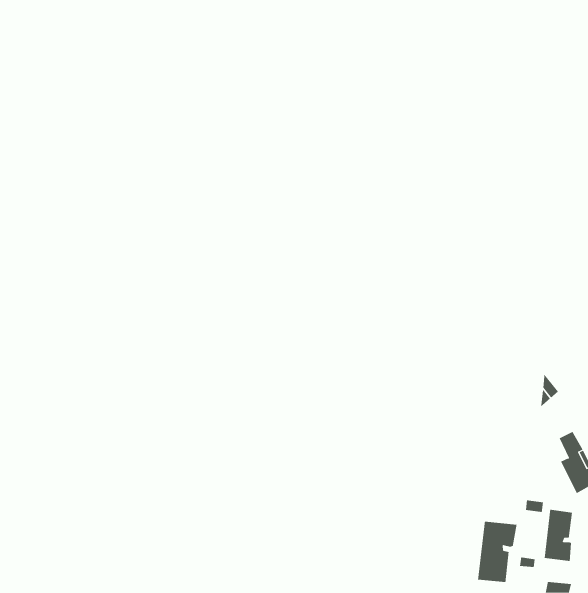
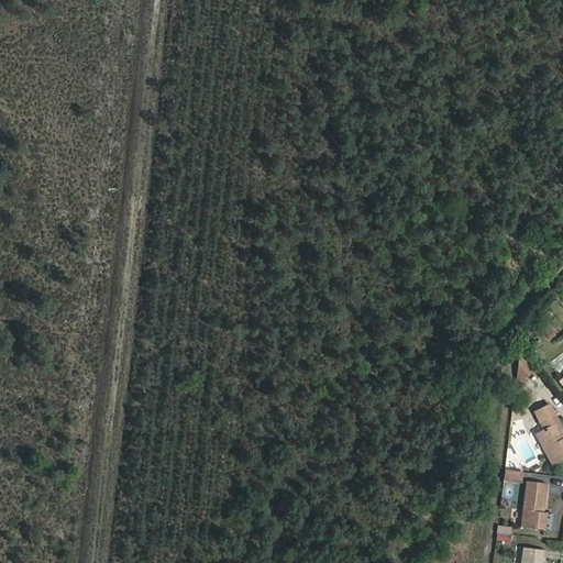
building: [477,521,517,583] -> none

